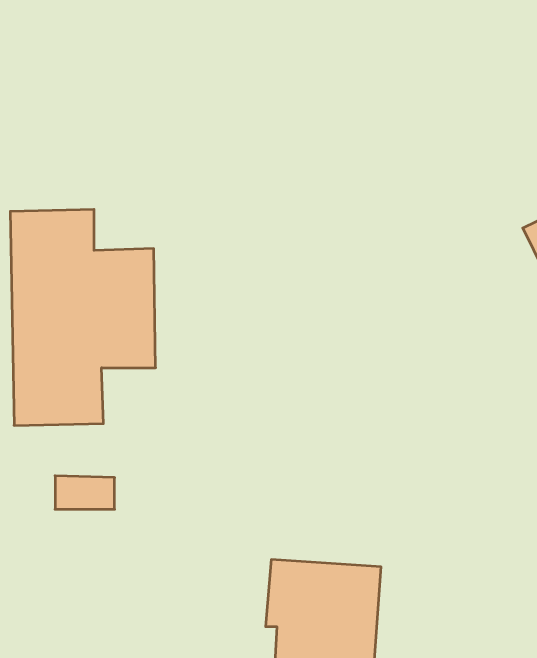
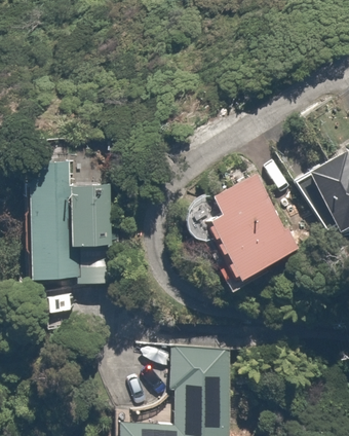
building: none -> [210,173,292,278]

